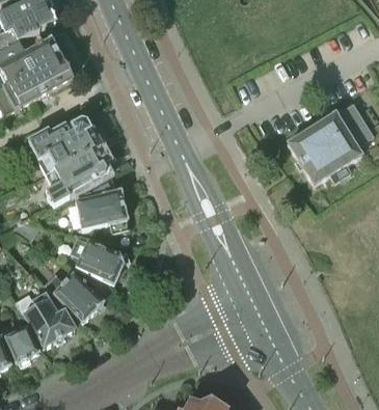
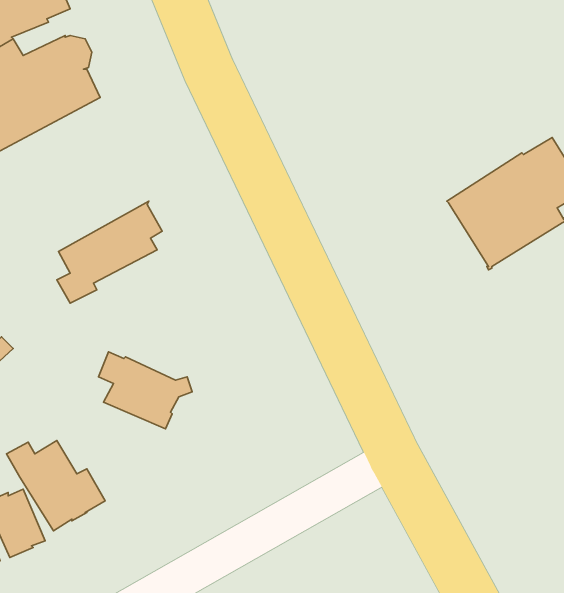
building: [28,119,104,173] -> none
building: [75,175,129,233] -> none
building: [44,272,104,322] -> none

